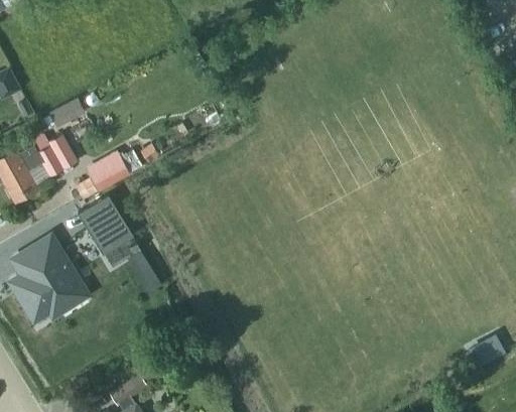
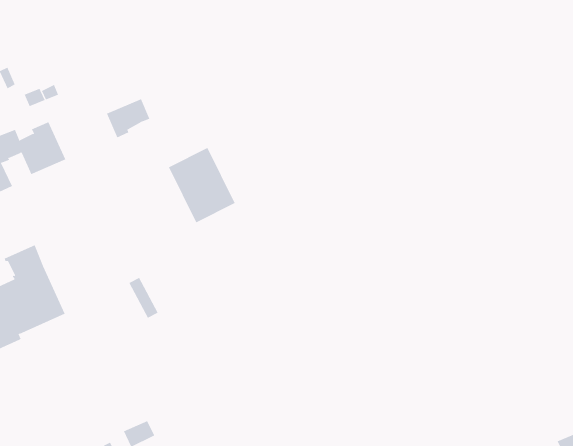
building: [95,158,129,190] -> [106,98,150,138]
building: [79,198,133,258] -> [168,147,235,223]

